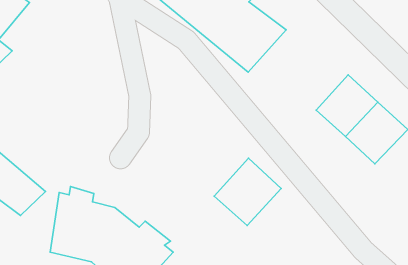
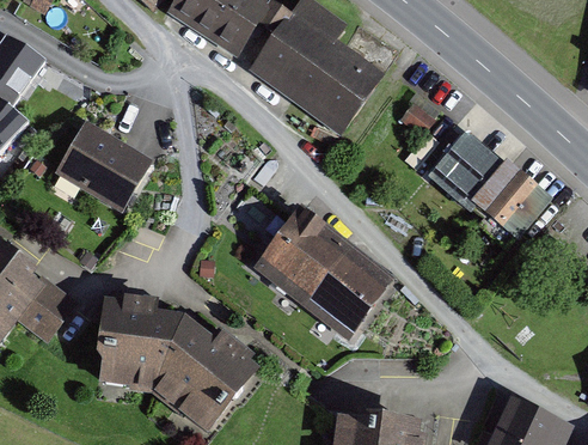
building: none -> [54,123,153,211]
building: none -> [258,208,347,297]

